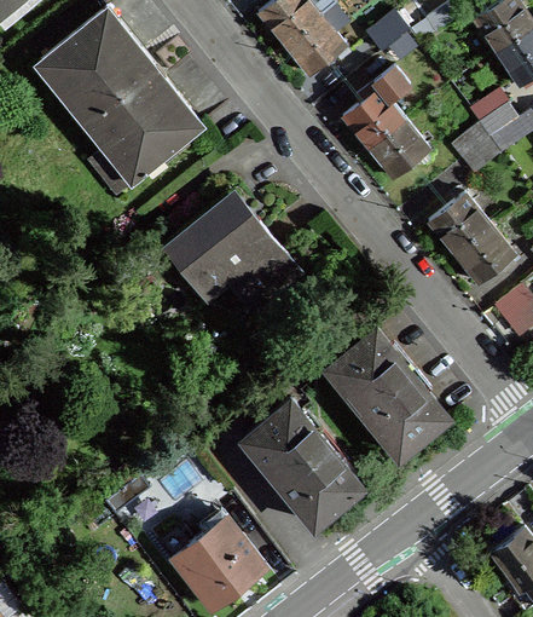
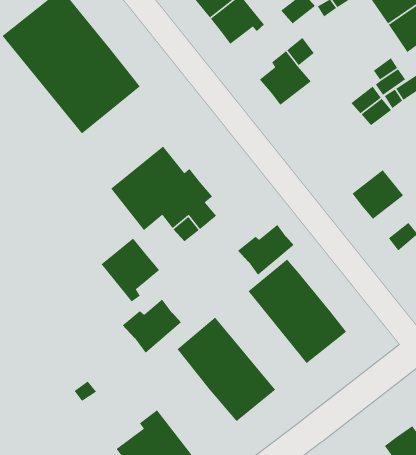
building: [367,120,430,180] -> none
building: [428,192,489,253] -> none
building: none -> [237,224,295,276]
building: none -> [100,238,160,303]
building: none -> [122,299,182,354]

